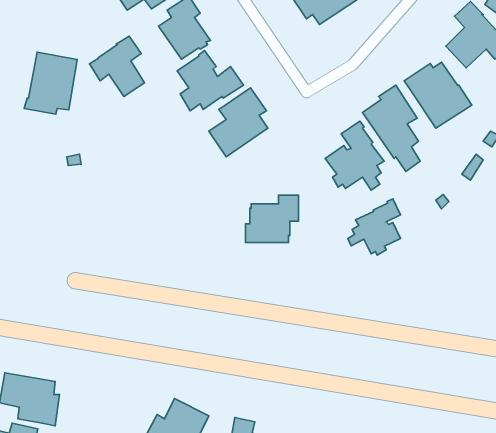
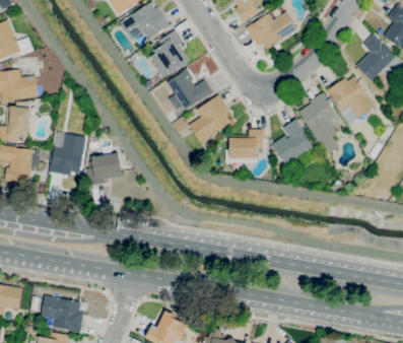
building: [90,36,144,97] -> none
building: [24,52,77,114] -> [48,132,85,176]
building: none -> [86,152,122,186]
building: [245,195,299,243] -> [225,129,263,162]
building: [348,199,401,255] -> none

